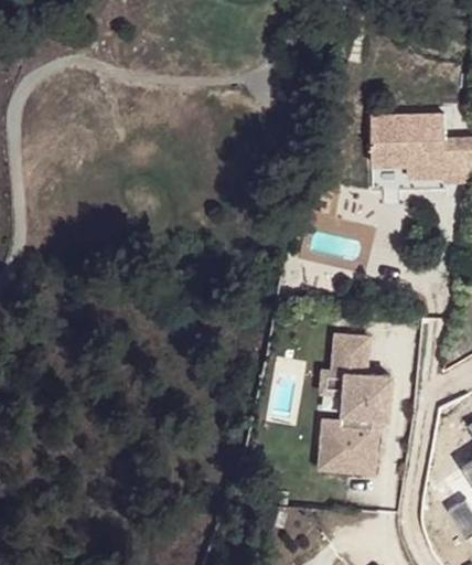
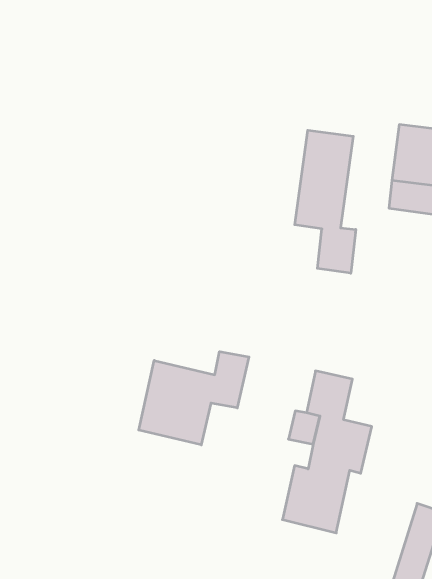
building: none -> [295,130,356,273]
building: none -> [139,352,249,445]

